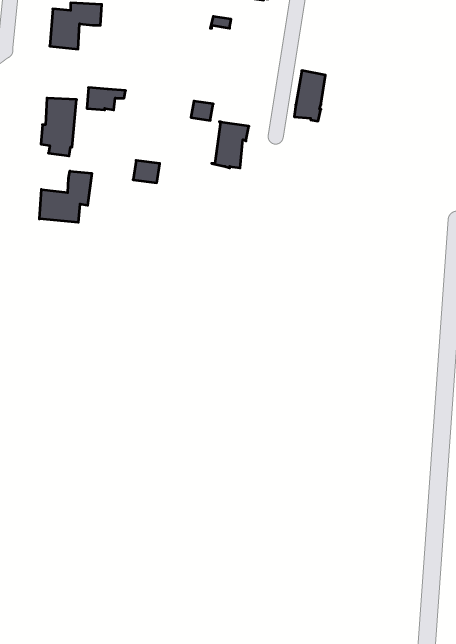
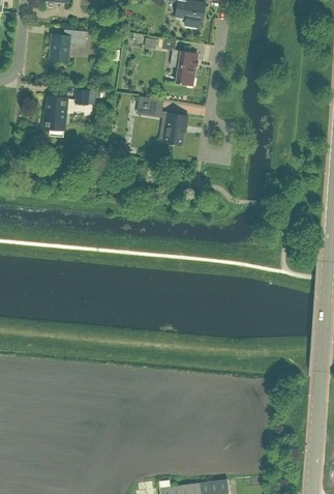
building: [294,71,325,121] -> [175,51,196,86]
building: [39,171,92,222] -> none

